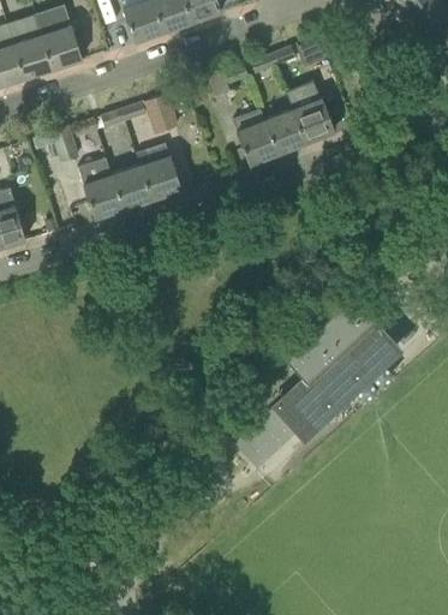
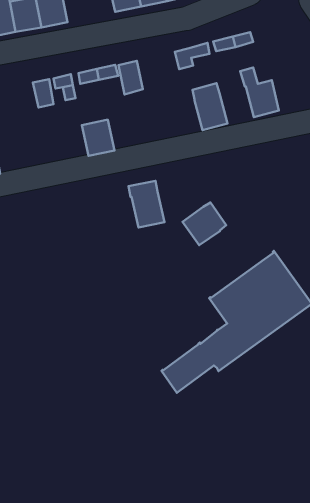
building: [265,108,307,153] -> none
building: [137,143,183,198] -> [128,181,164,227]
building: [79,157,125,217] -> none
building: none -> [182,202,226,245]

